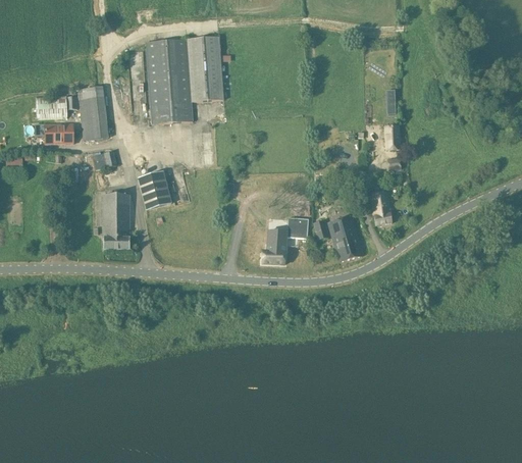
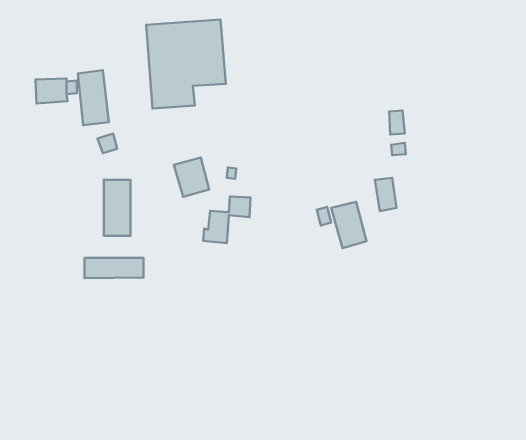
building: [44,123,73,143] -> none
building: [137,170,171,209] -> [174,157,209,197]
building: [261,217,308,263] -> [203,196,251,243]
building: none -> [84,258,144,278]

